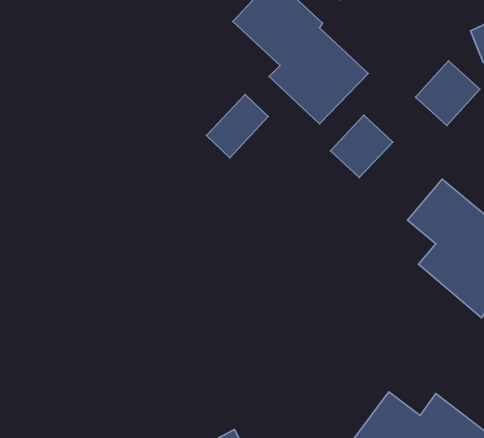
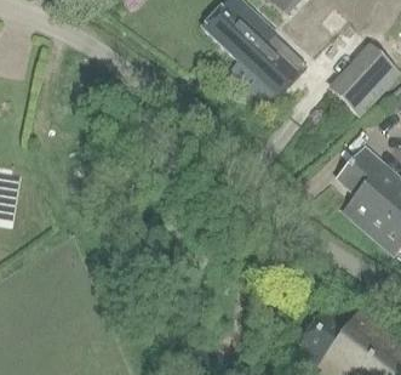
building: [207,94,268,158] -> none
building: [331,115,393,178] -> none

